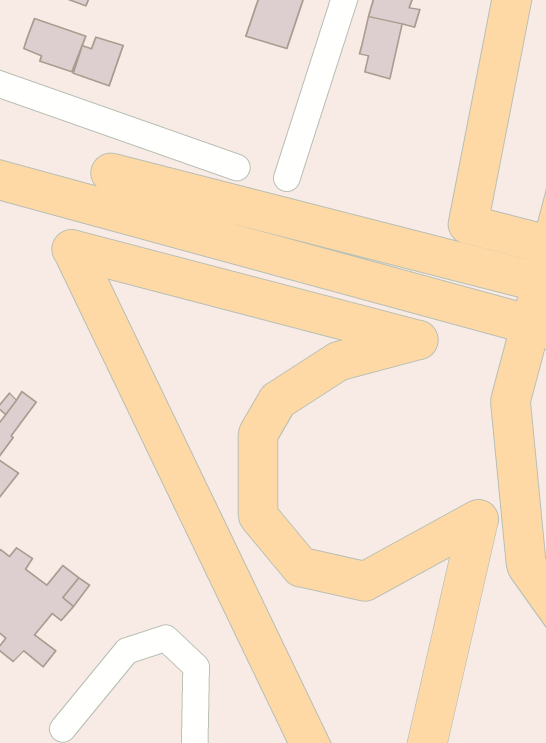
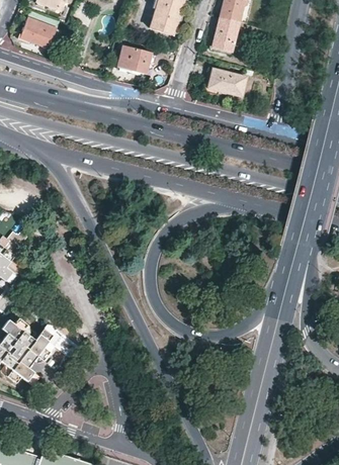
building: [73,37,123,86] -> none
building: none -> [118,46,156,75]
building: none -> [208,69,246,97]

